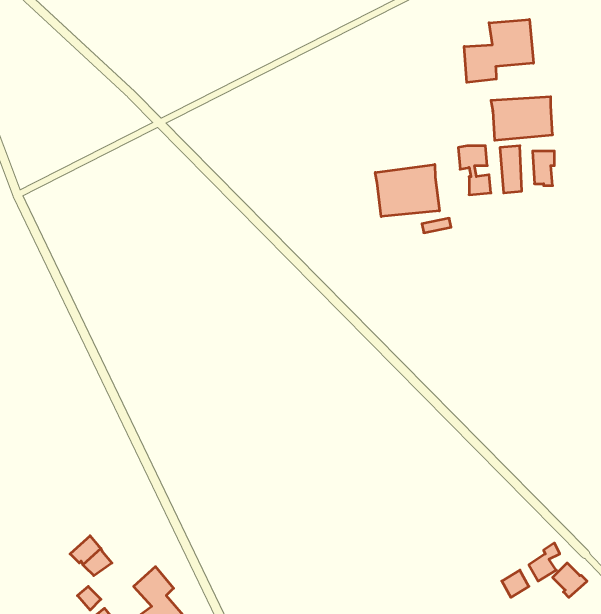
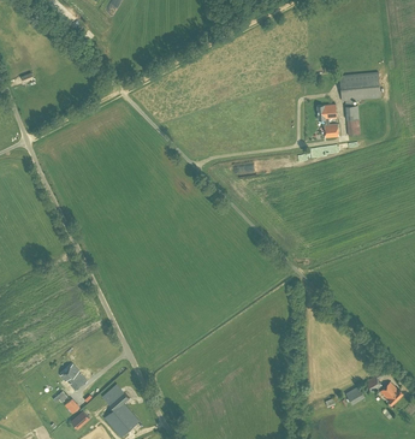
building: [464,19,533,82] -> none
building: [375,164,439,217] -> none

